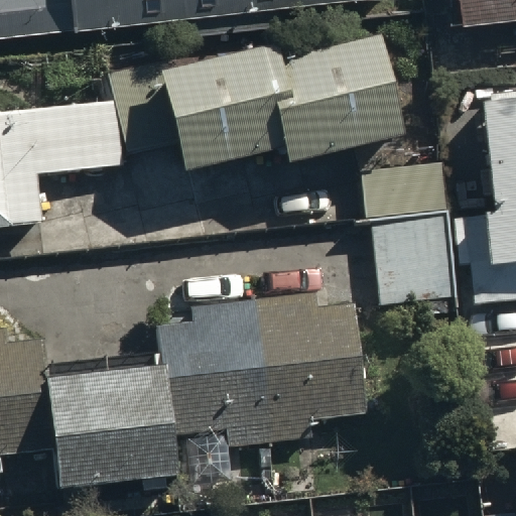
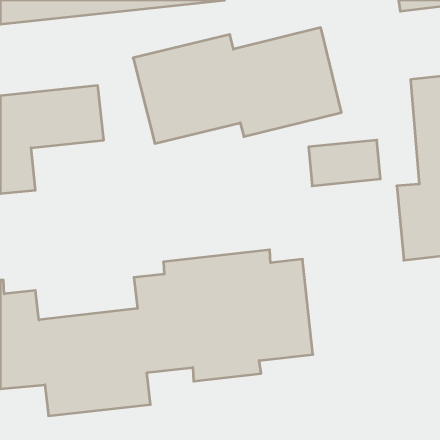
building: [372,219,450,306] -> none

